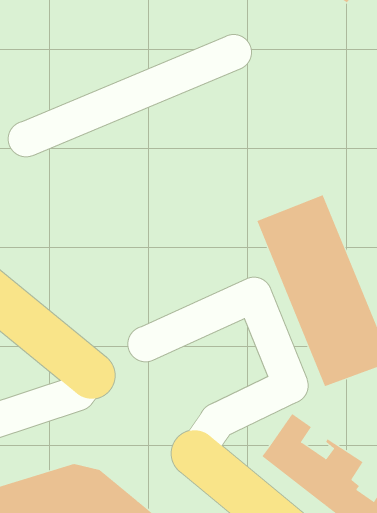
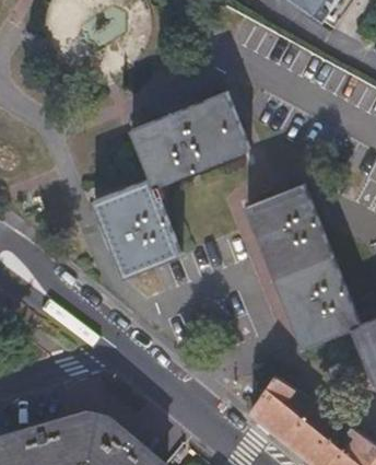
building: none -> [92,93,248,278]

